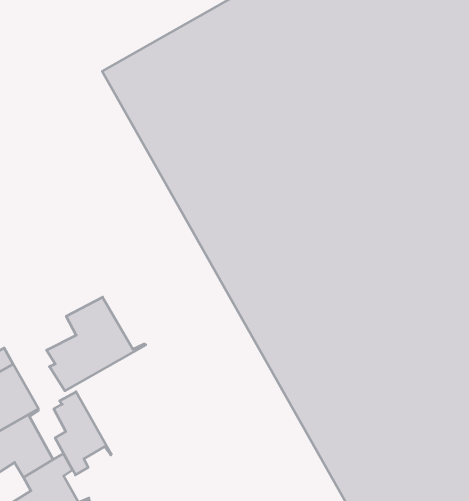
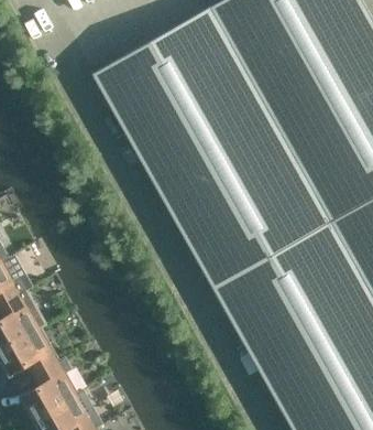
building: [47,297,146,391] -> none
building: [54,392,111,475] -> none

